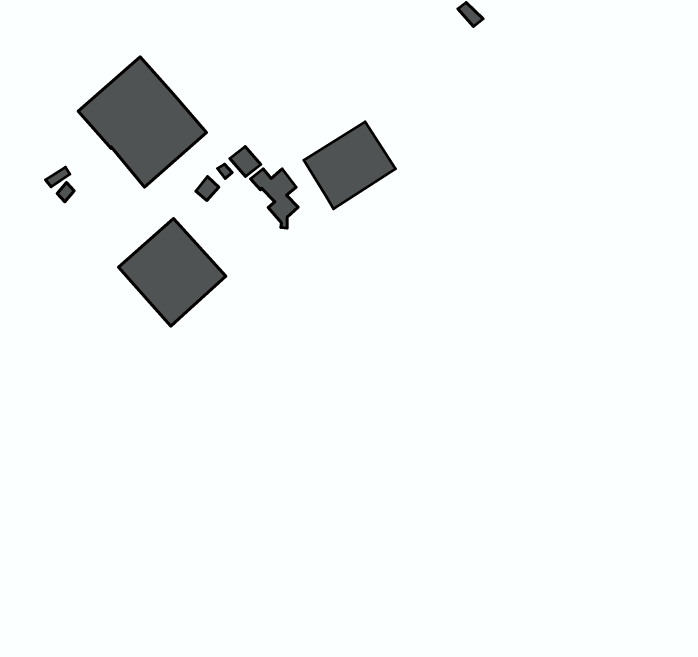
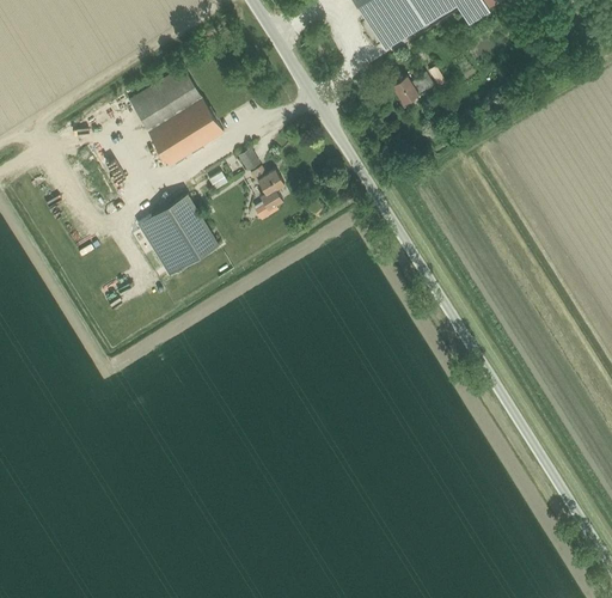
building: none -> [391,73,433,104]
building: [304,122,396,209] -> none

